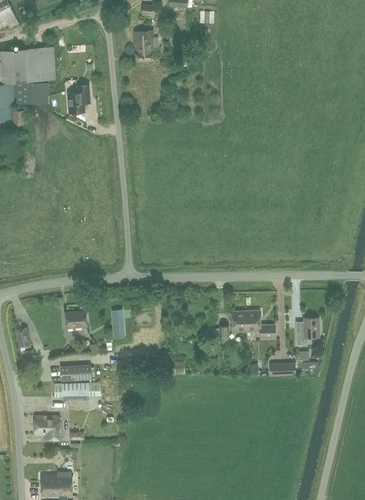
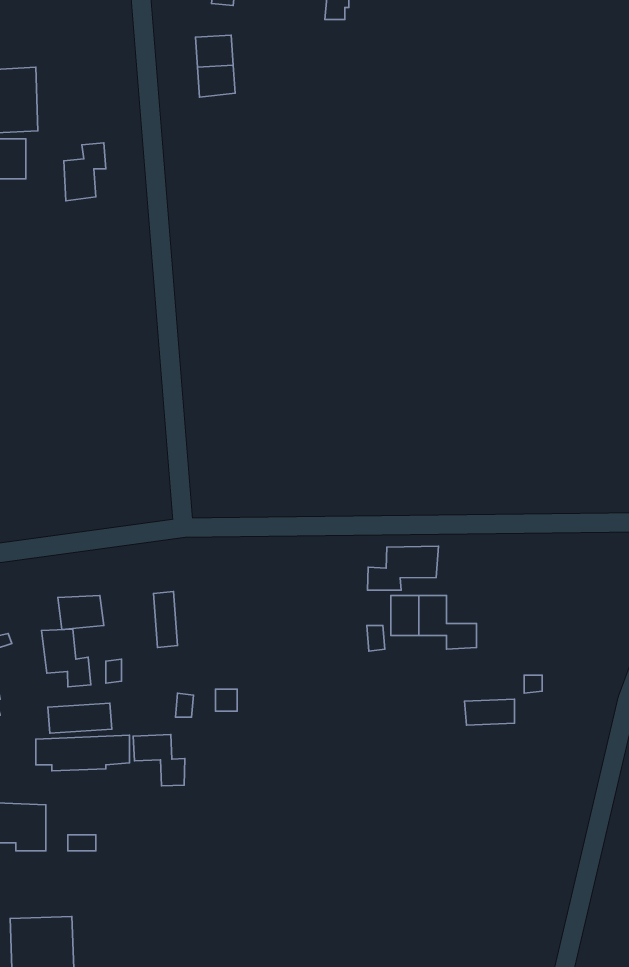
building: none -> [368,546,438,590]
building: [296,316,319,343] -> none
building: none -> [42,629,91,687]
building: none -> [133,735,185,786]

